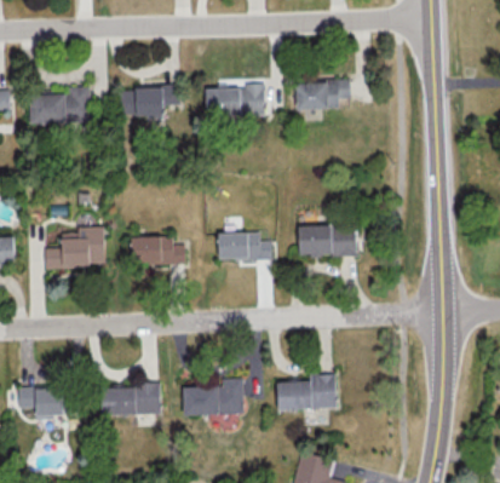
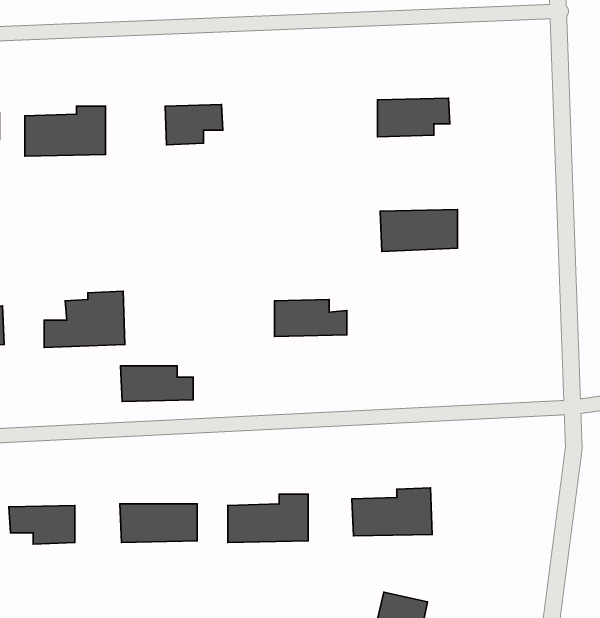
building: [206,84,265,116] -> none
building: [298,225,356,257] -> [380,210,457,251]
building: [131,237,185,264] -> [121,366,193,401]

